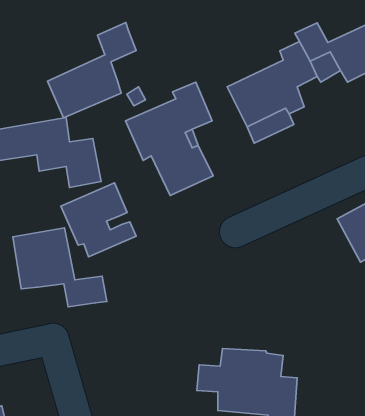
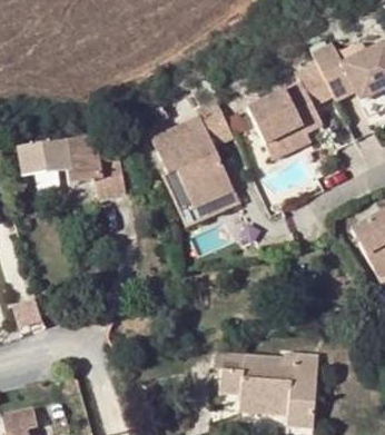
building: [48,23,136,118] -> none
building: [61,183,136,257] -> none
building: [13,228,107,307] -> none

